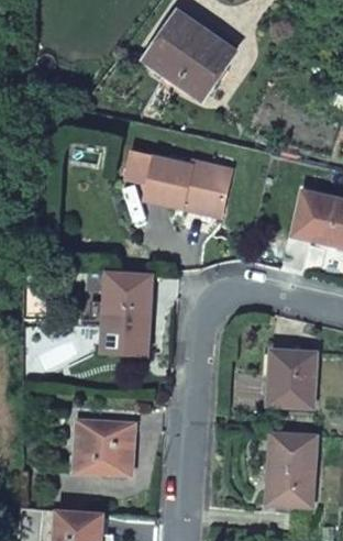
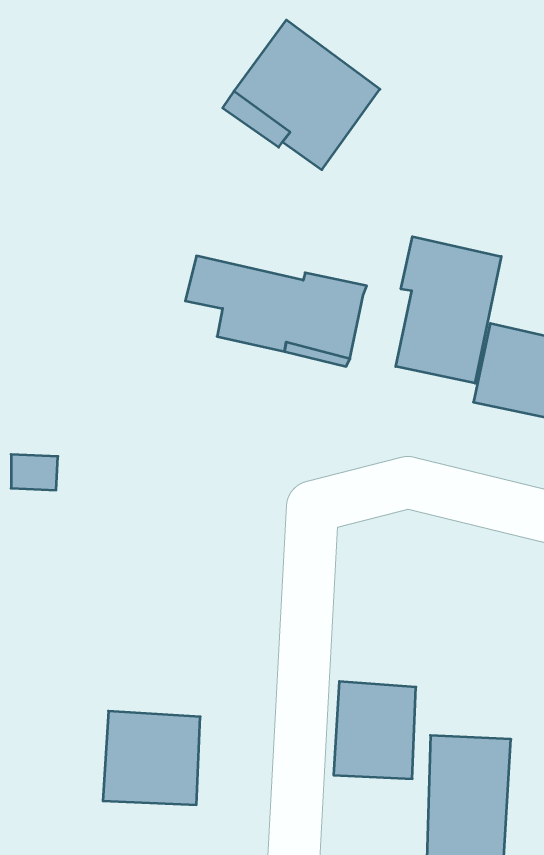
building: none -> [396,237,501,383]
building: [100,270,151,354] -> none
building: [267,347,316,405] -> [334,681,416,779]

